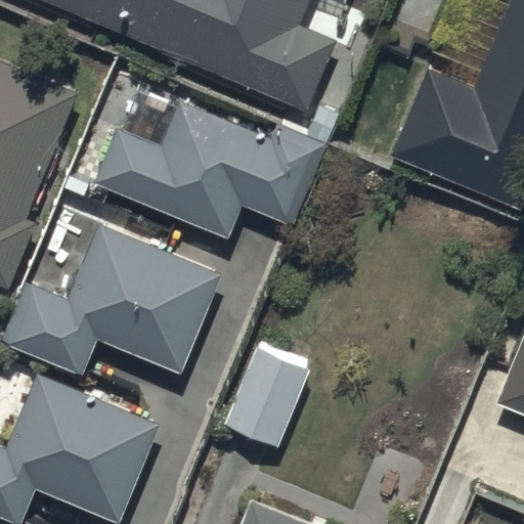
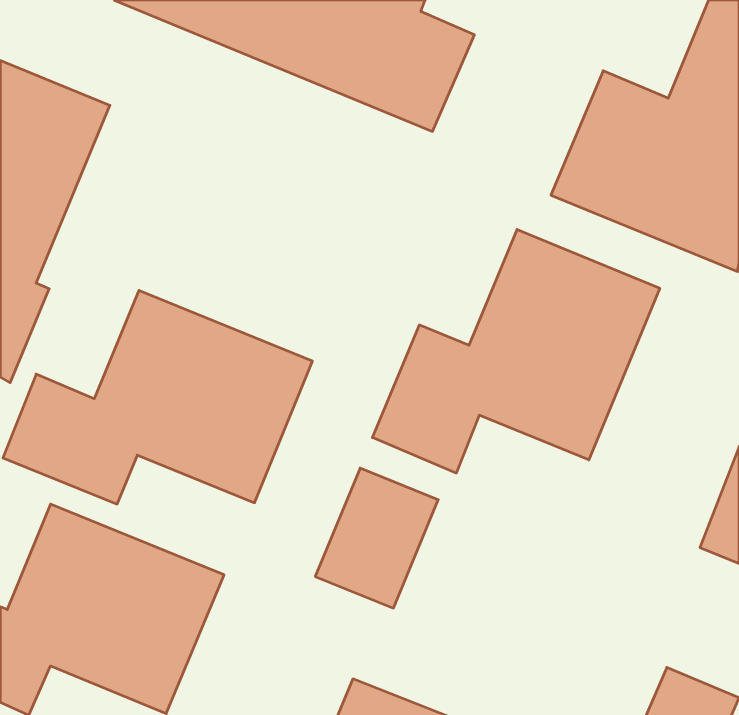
building: [92,98,326,237] -> none
building: none -> [372,229,660,473]

